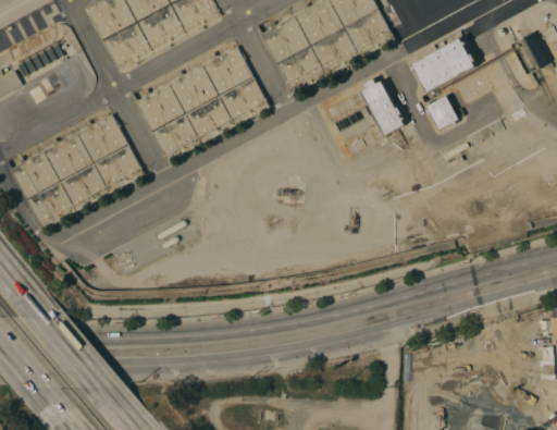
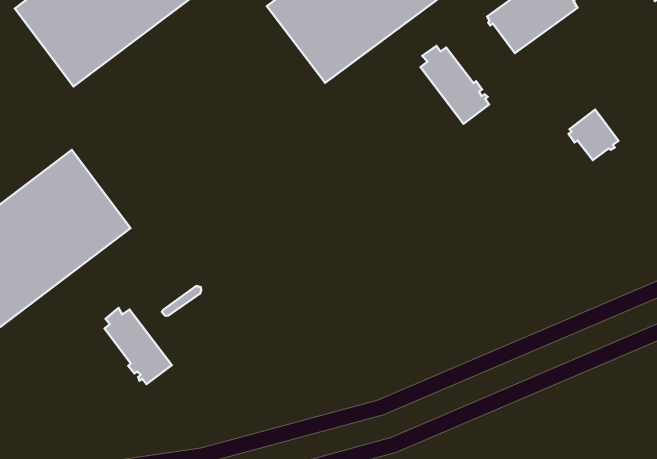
building: [135,45,269,160] -> none
building: [424,94,458,128] -> [569,110,618,160]
building: none -> [105,308,172,384]

